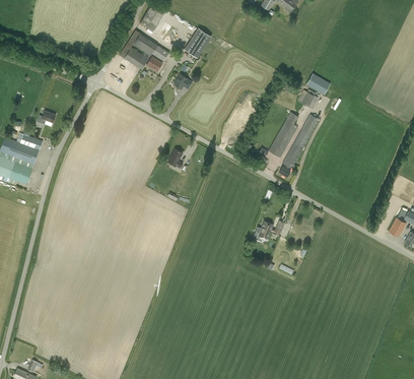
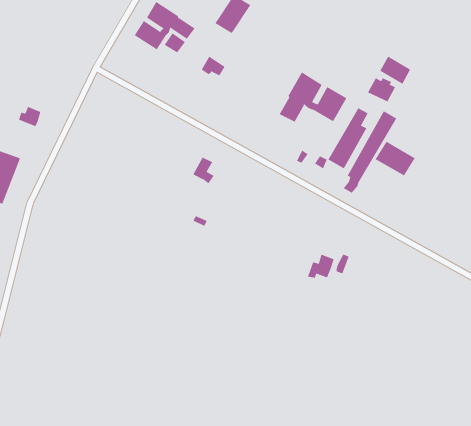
building: none -> [279,71,347,123]
building: none -> [375,141,416,176]

